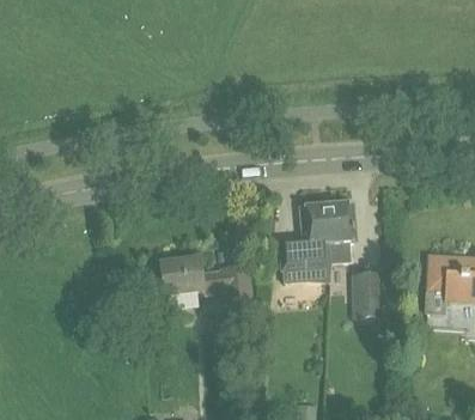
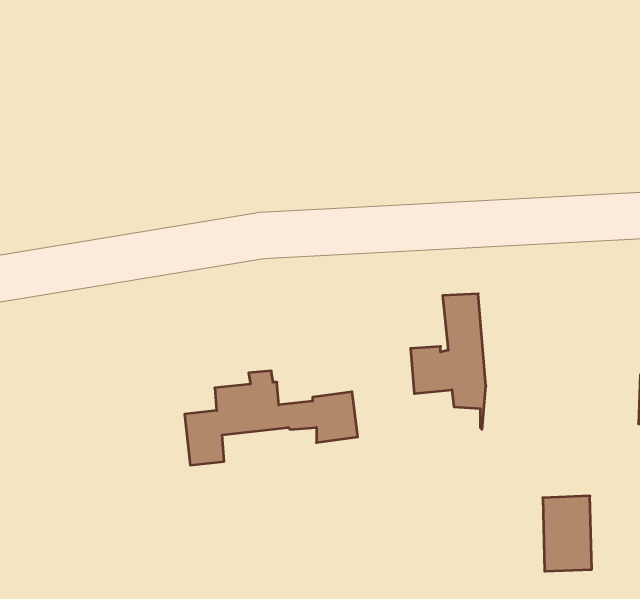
building: [327,205,352,266] -> none
building: [349,274,380,322] -> [543,496,592,571]

